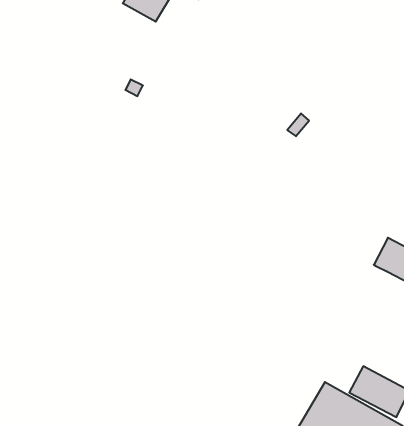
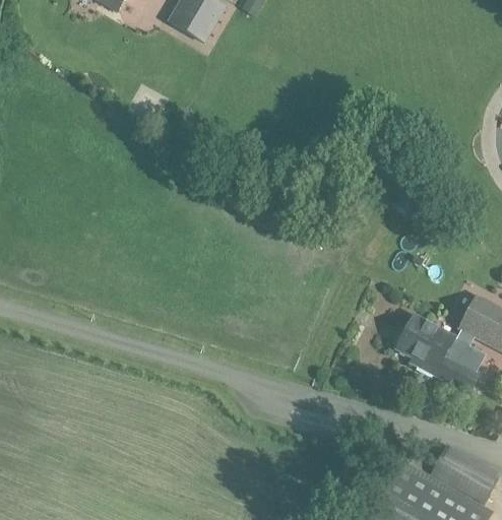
building: none -> [397,317,484,389]

